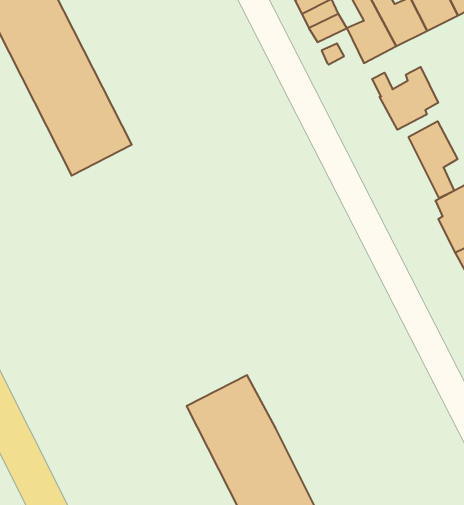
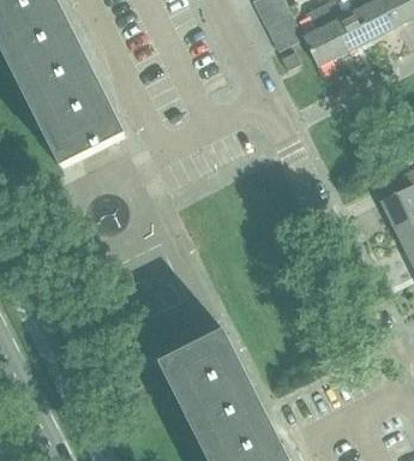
building: [372,67,438,130] -> none
building: [409,121,457,198] -> none

